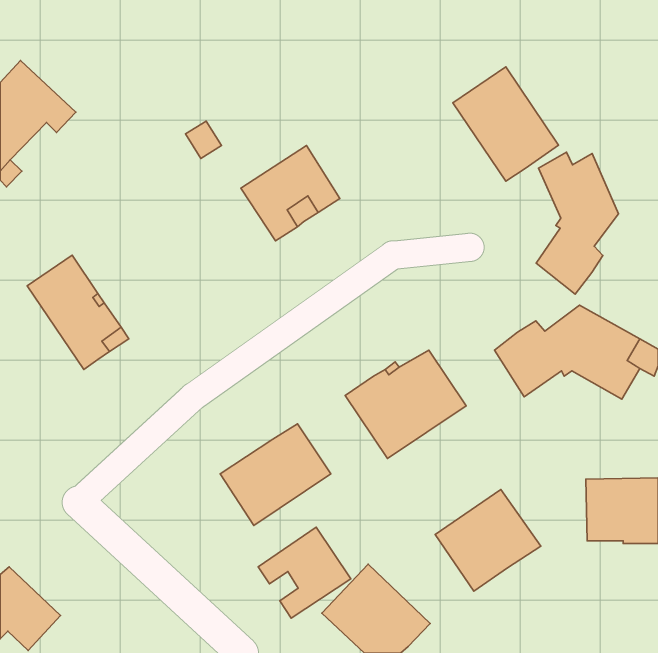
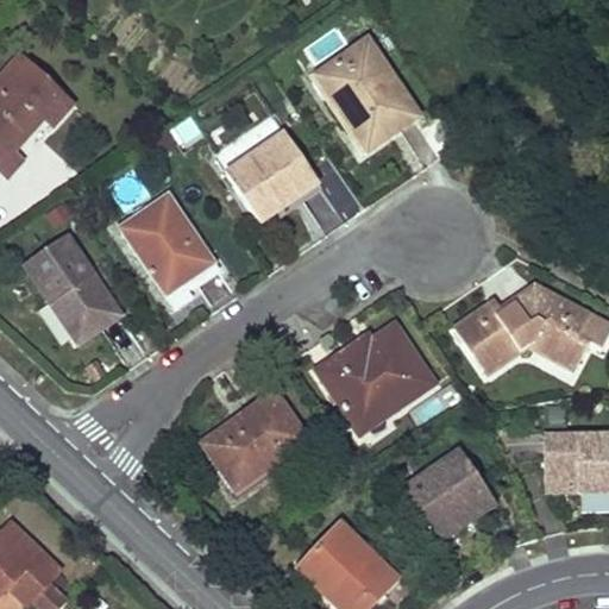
building: [453,67,559,181] -> [319,40,416,146]
building: [536,152,618,294] -> none
building: none -> [120,192,214,306]
building: [258,527,351,618] -> none

